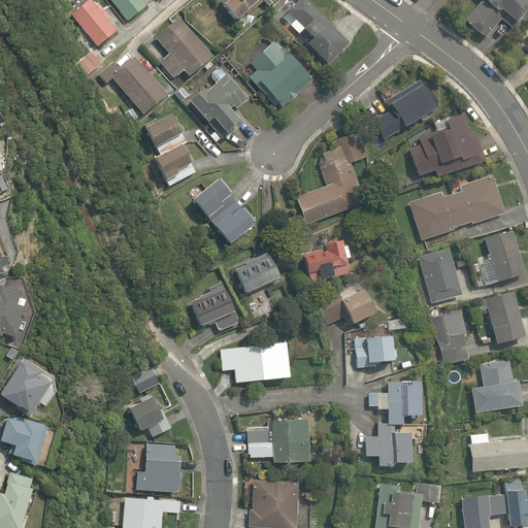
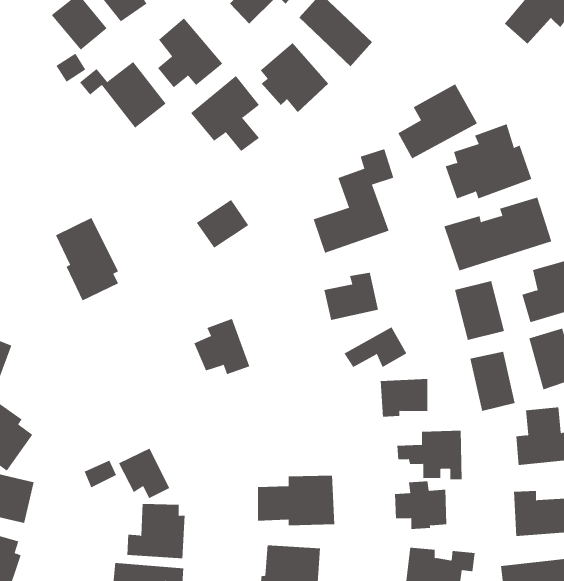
building: [142,112,198,186] -> [55,217,119,301]
building: [208,200,257,246] -> none
building: [235,254,286,295] -> none
building: [219,341,289,383] -> none
building: [130,367,159,392] -> [84,460,117,488]

